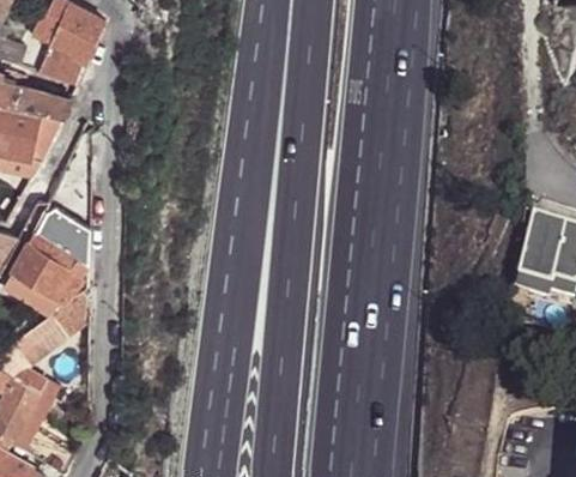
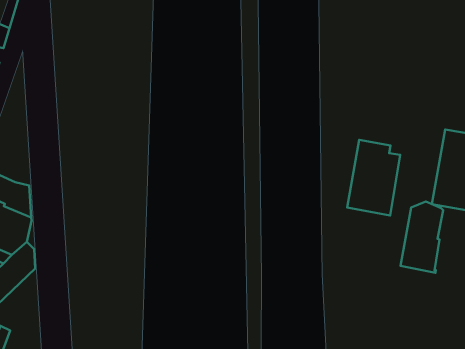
building: none -> [347,140,400,216]
building: none -> [401,202,443,273]

